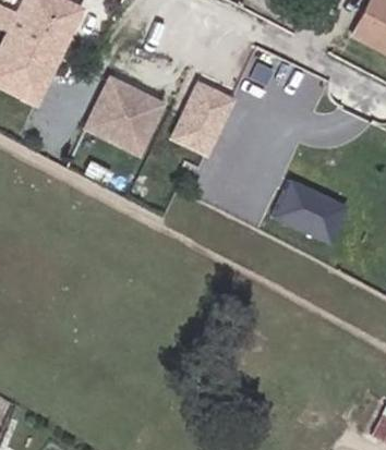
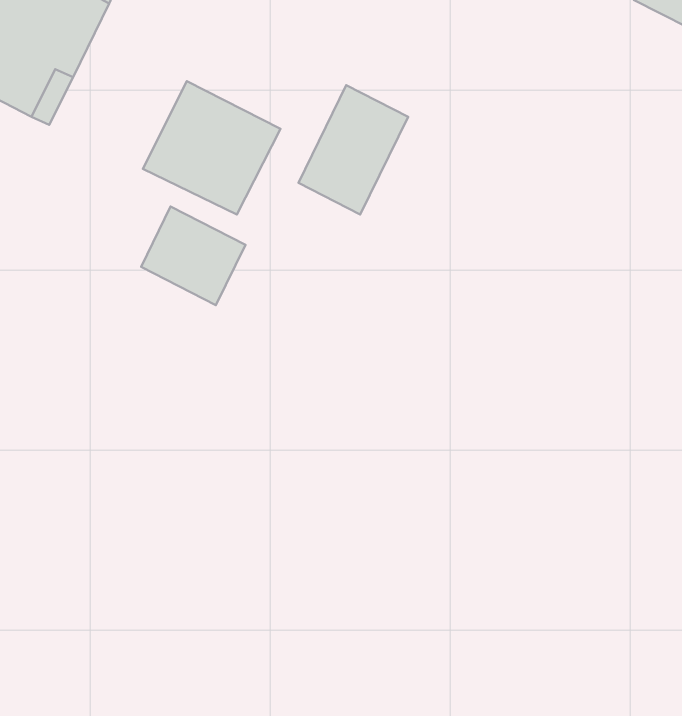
building: none -> [141,207,246,305]
building: [265,173,346,242] -> none

